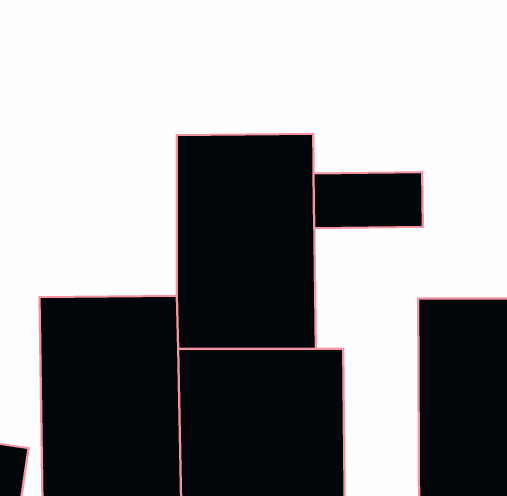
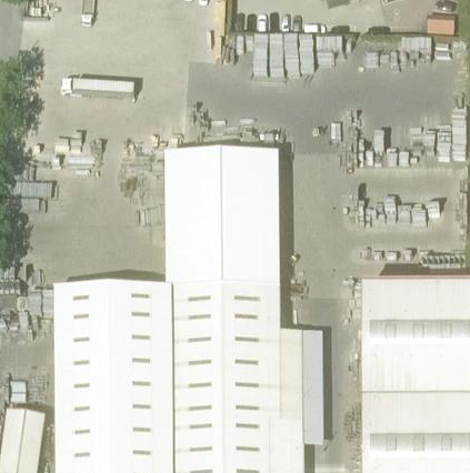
building: [314,172,423,228] -> none
building: none -> [301,325,323,439]

